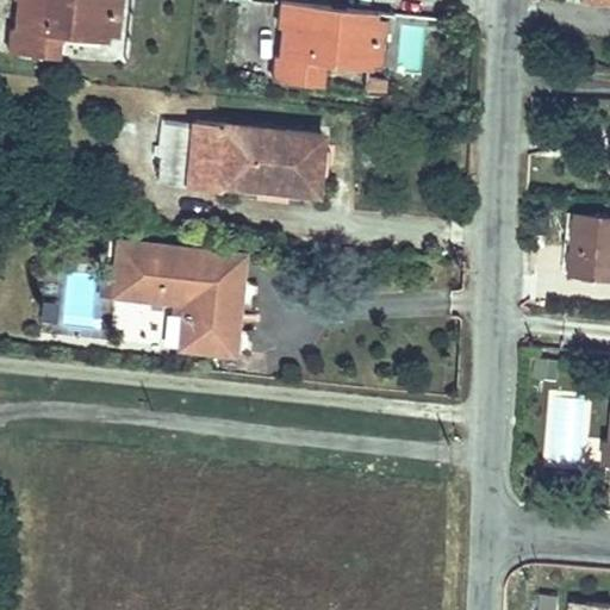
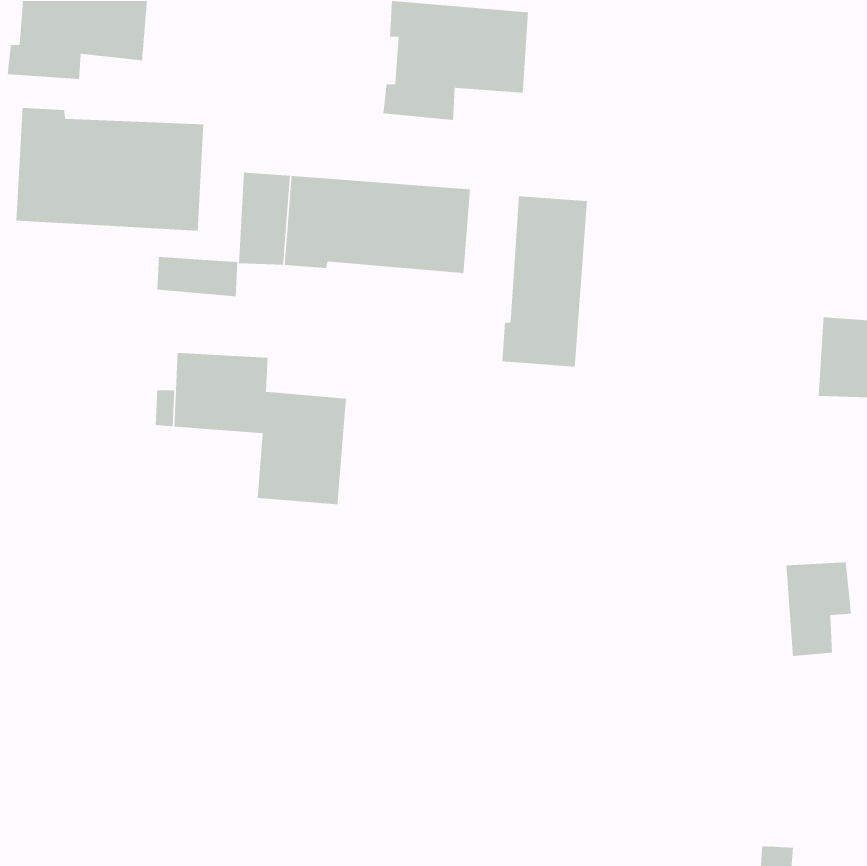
building: none -> [15,107,204,231]
building: none -> [501,195,588,368]
building: [188,253,245,281] -> [157,256,238,297]

